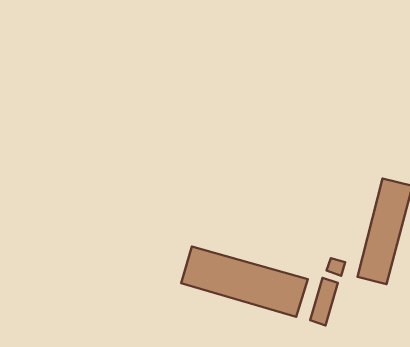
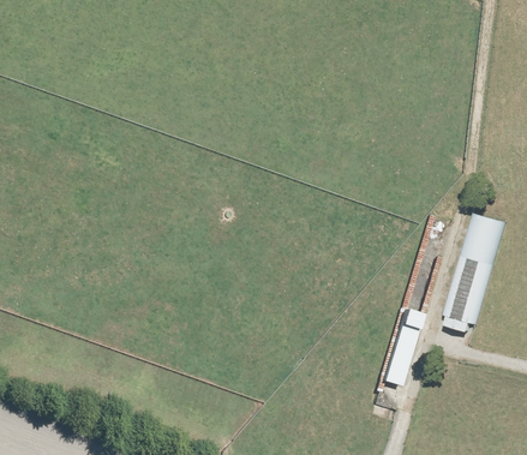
building: [181,247,308,317] -> none

